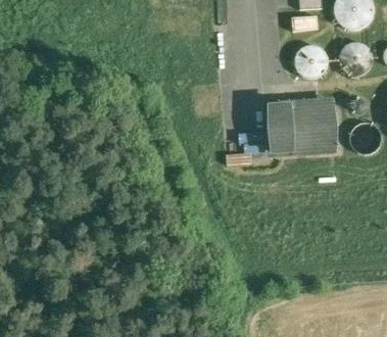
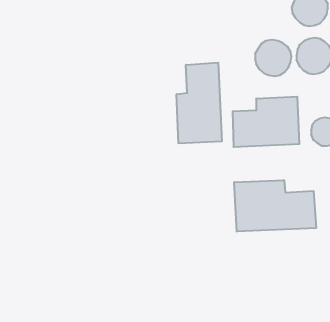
building: none -> [177,63,222,143]
building: none -> [234,180,316,232]

